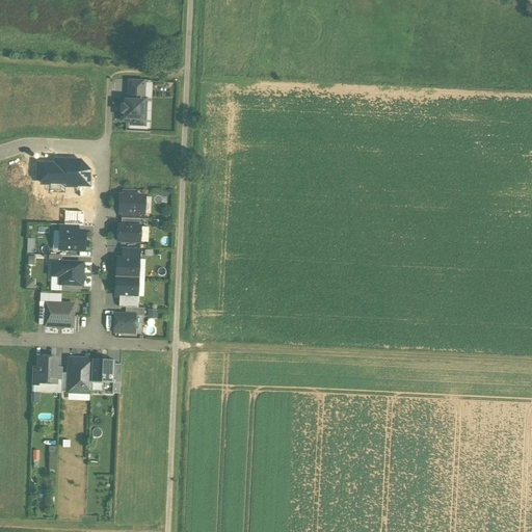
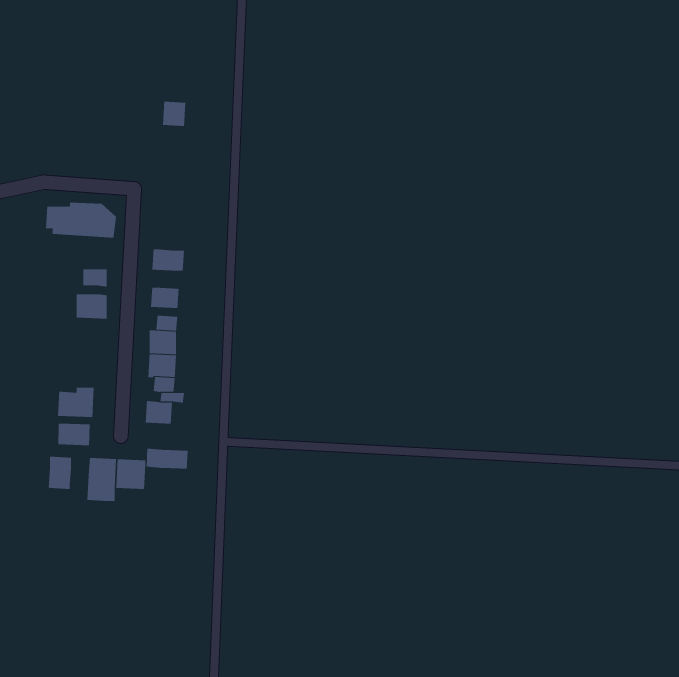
building: [122,98,144,121] -> none
building: [51,261,82,285] -> none
building: none -> [58,423,90,446]
building: none -> [146,448,188,470]

